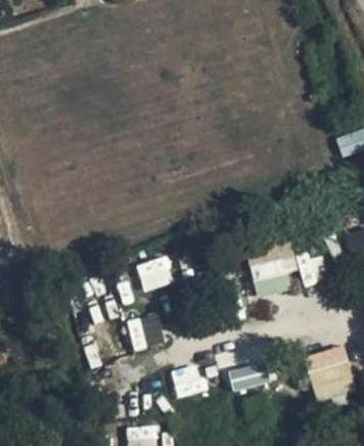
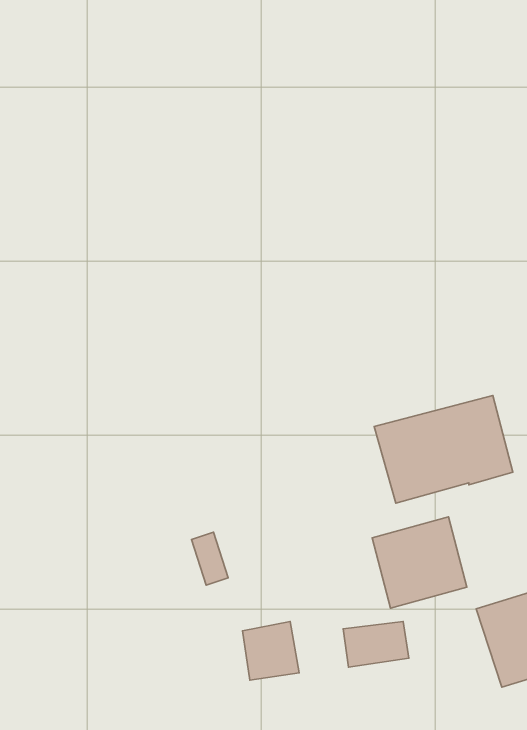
building: [135,257,173,291] -> none
building: none -> [372,517,467,608]

